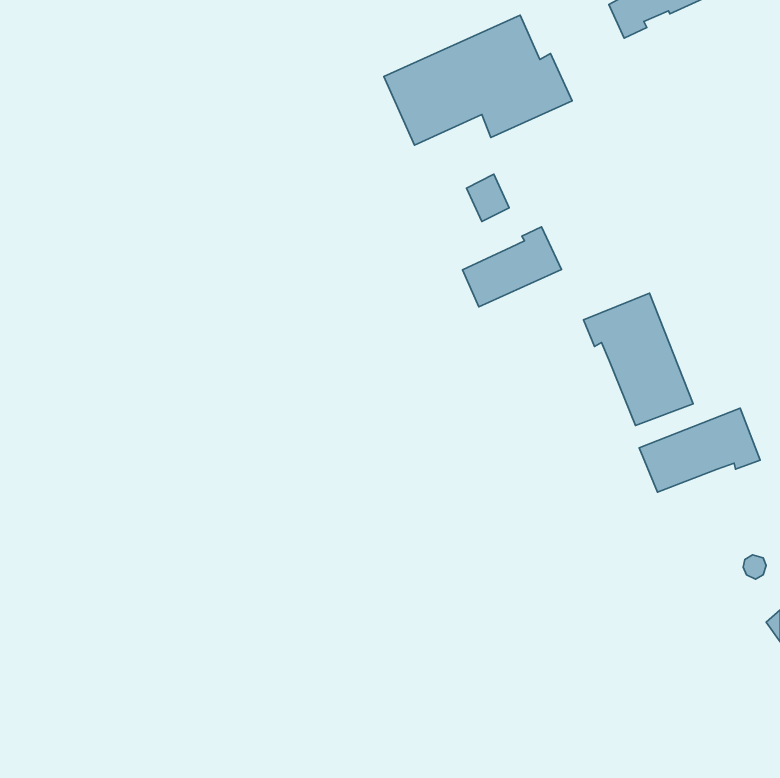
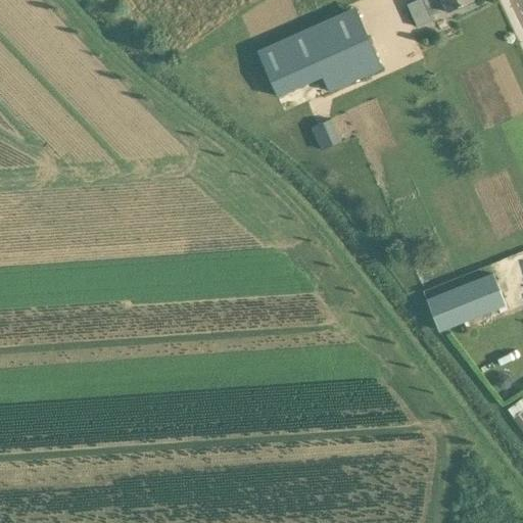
building: [463,227,561,307] -> none
building: [583,293,693,426] -> none

